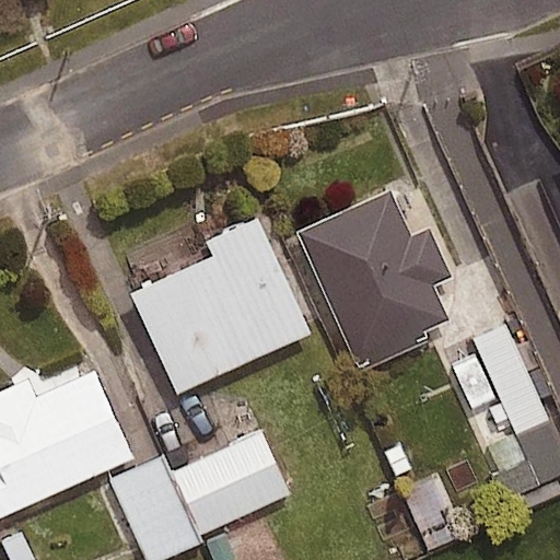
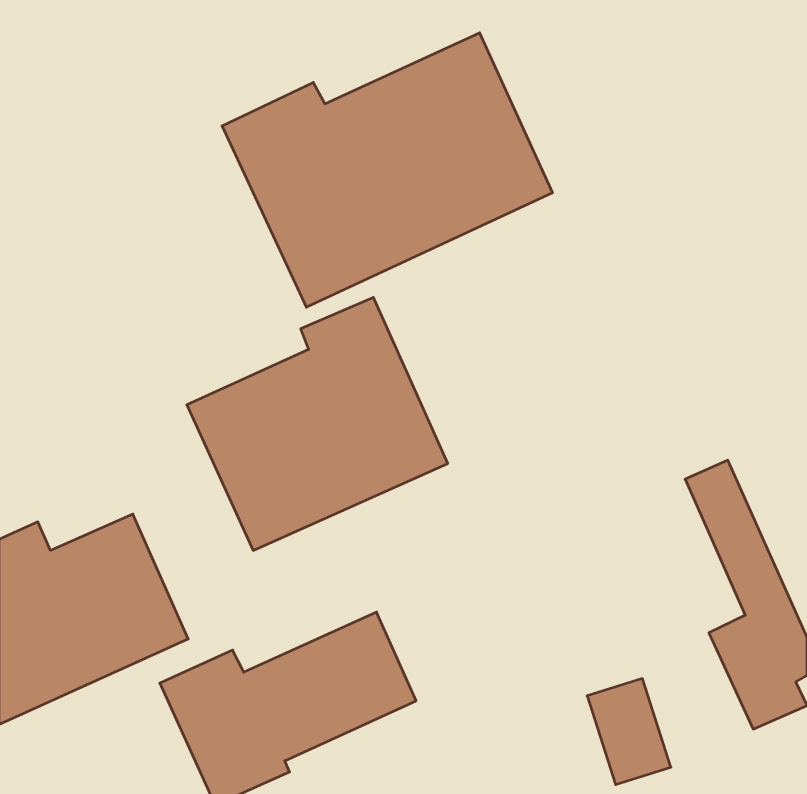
building: none -> [222,33,552,307]
building: [304,195,460,377] -> none

